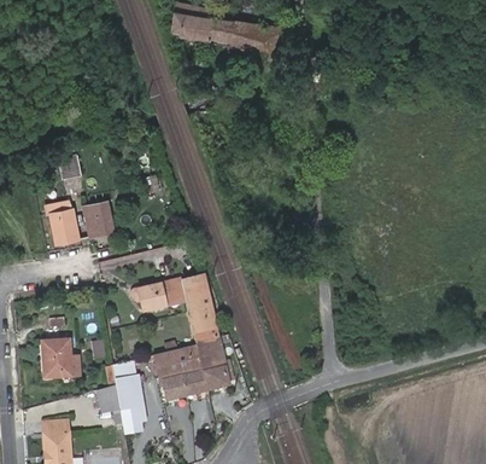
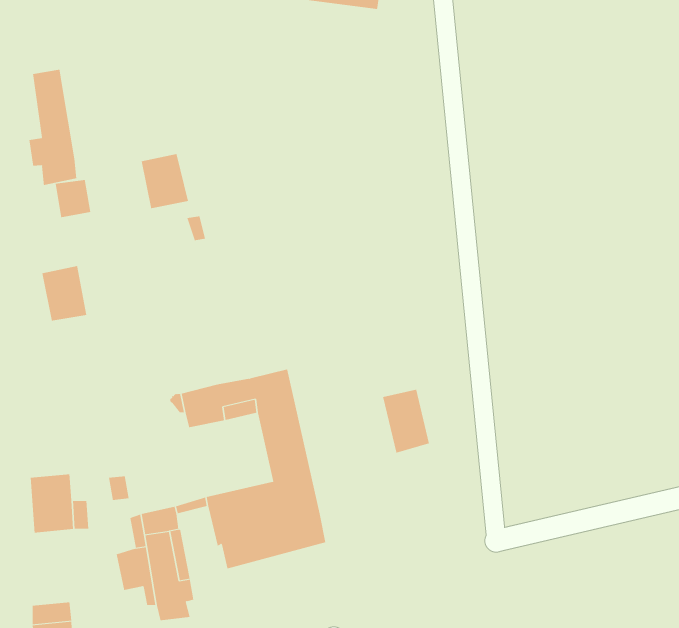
building: none -> [29,69,77,186]
building: [83,201,113,236] -> [141,153,189,209]
building: none -> [382,389,430,453]

